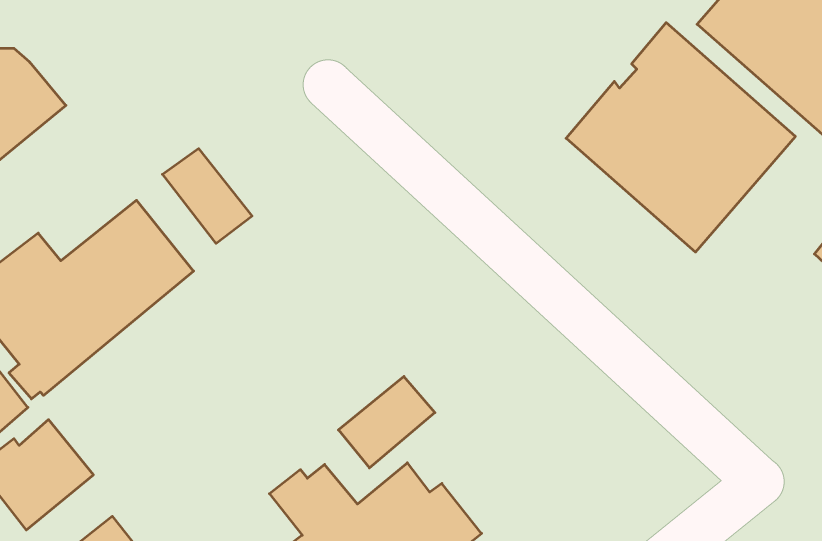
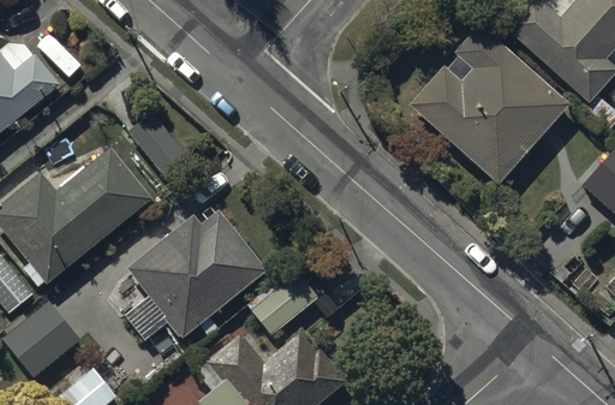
building: none -> [124,209,267,343]

